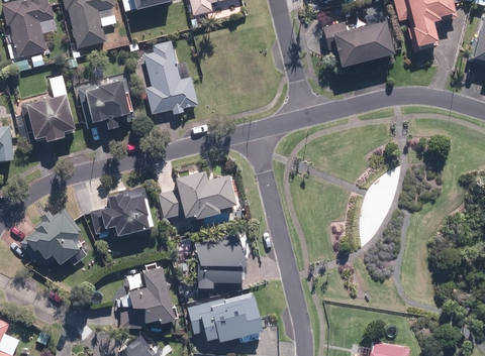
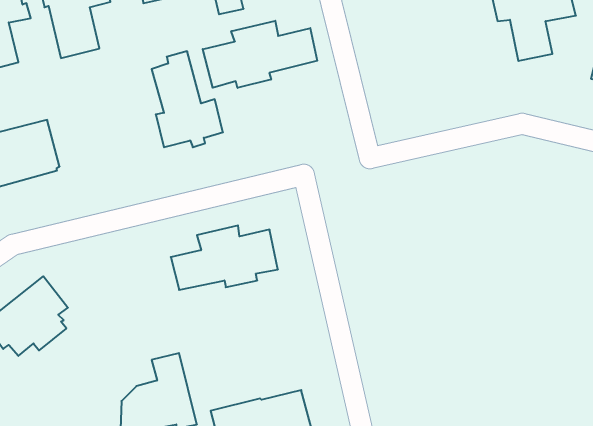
building: [323,14,394,68] -> none
building: none -> [203,21,317,88]
building: [78,79,134,129] -> none
building: [90,188,151,235] -> none
building: [196,232,249,286] -> none

